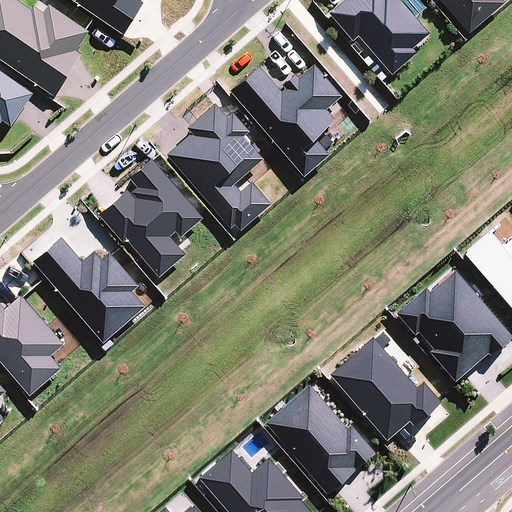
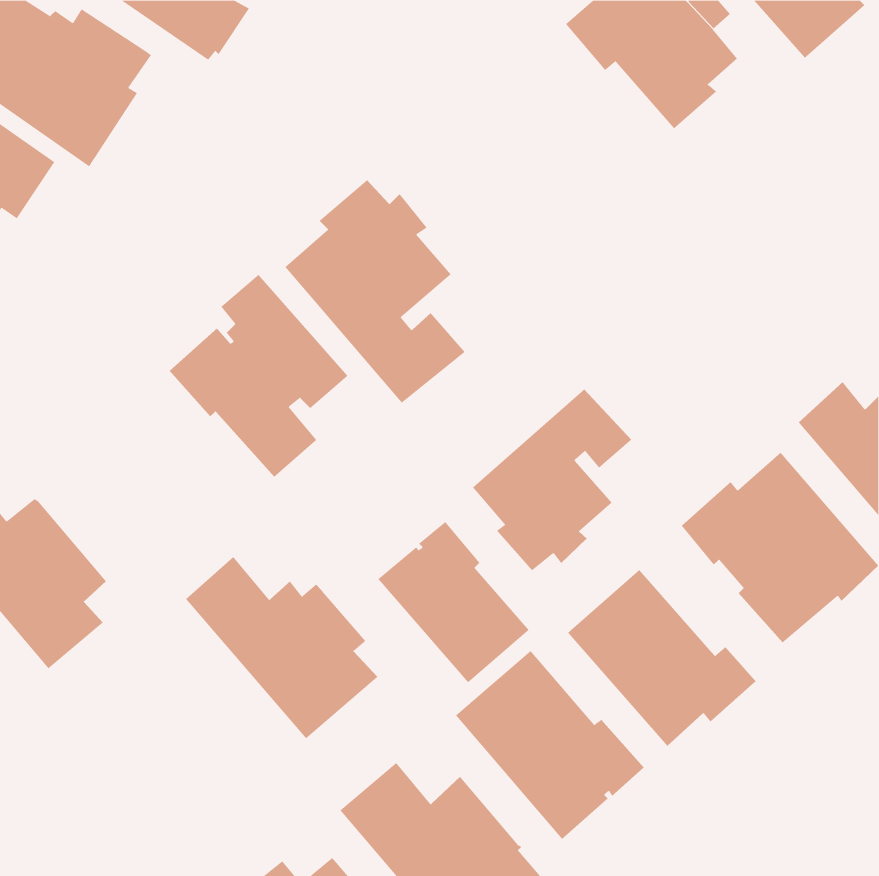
building: [229,68,341,180] -> none
building: none -> [472,388,632,571]
building: [32,233,144,339] -> [185,556,378,739]
building: none -> [378,521,529,683]

